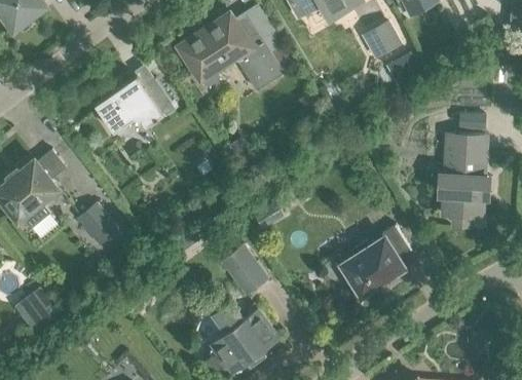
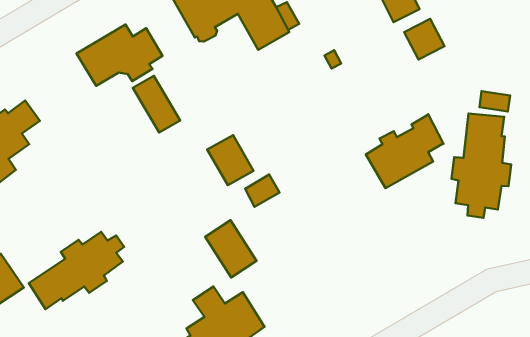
building: none -> [133,76,180,132]
building: none -> [207,135,254,185]
building: [81,203,118,242] -> none
building: [342,225,411,294] -> [366,114,444,188]
building: none -> [29,232,124,309]

